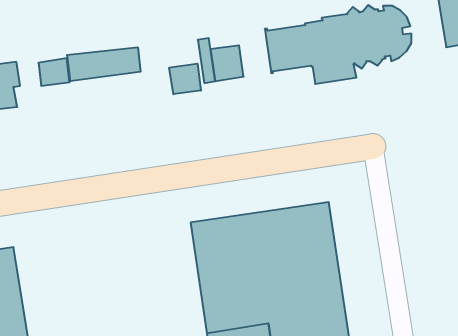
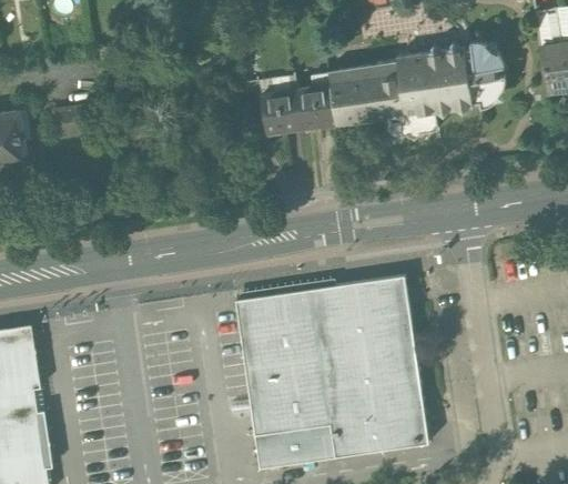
building: none -> [296,83,335,127]
building: [67,47,141,81] -> none
building: [169,64,201,94] -> none

